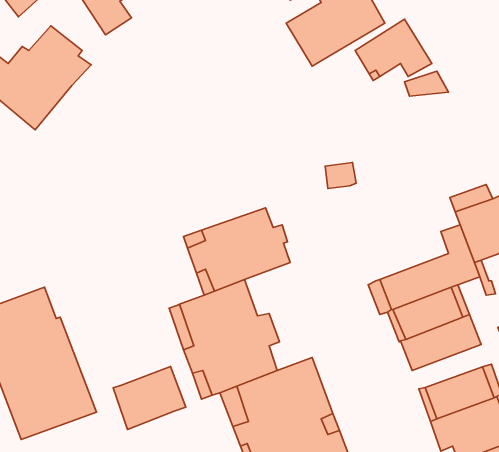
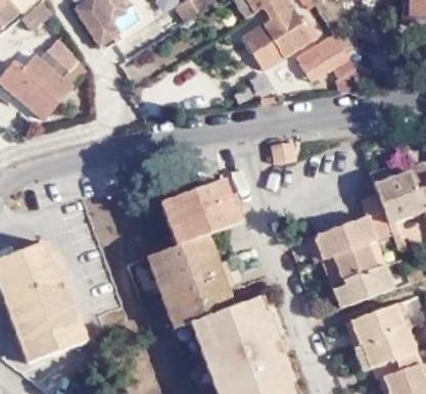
building: [113,367,186,429] -> none

